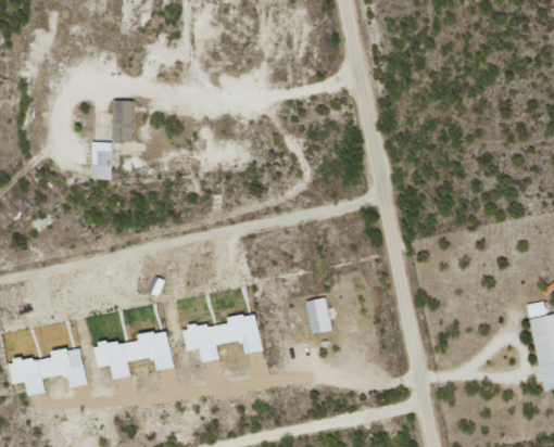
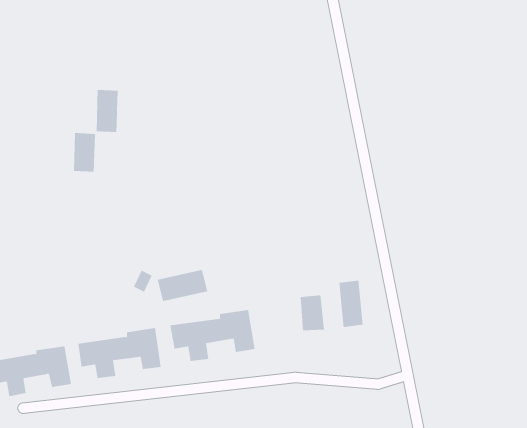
building: none -> [157,269,208,302]
building: none -> [339,280,363,328]

